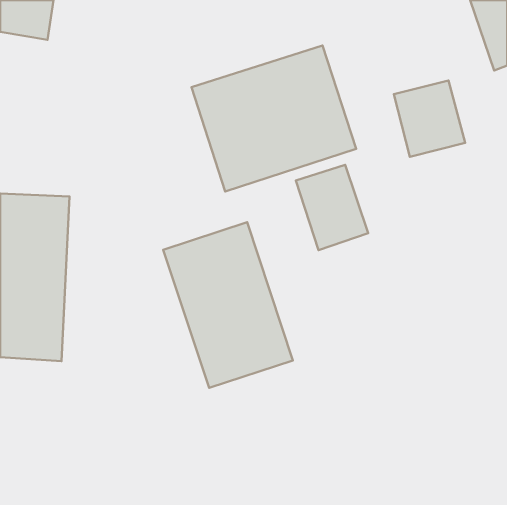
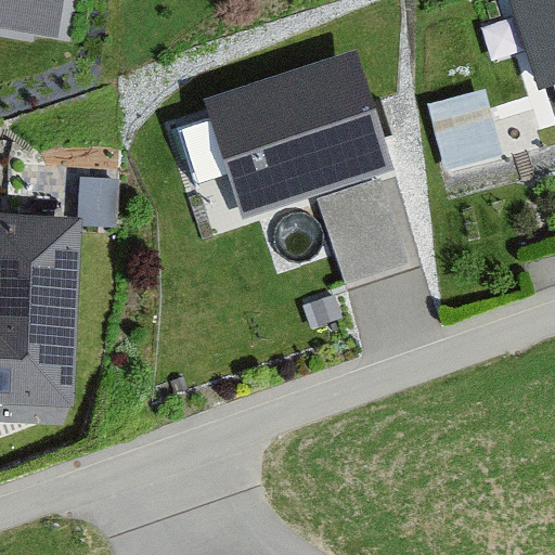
building: [163,222,293,388] -> none

